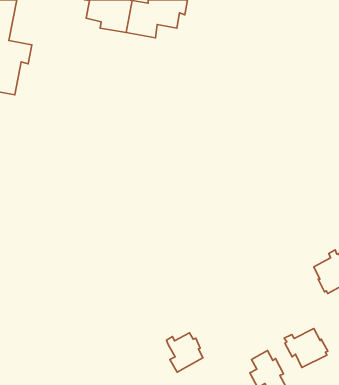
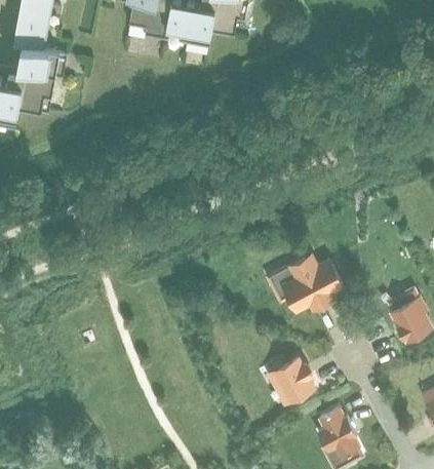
building: none -> [275,255,342,310]
building: [284,329,328,367] -> none
building: [166,333,203,372] -> [271,358,313,403]

